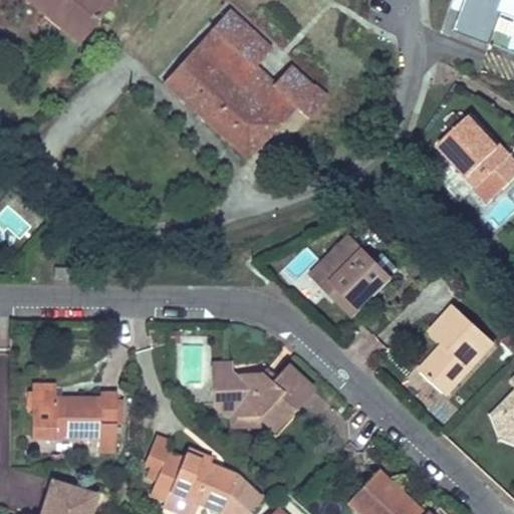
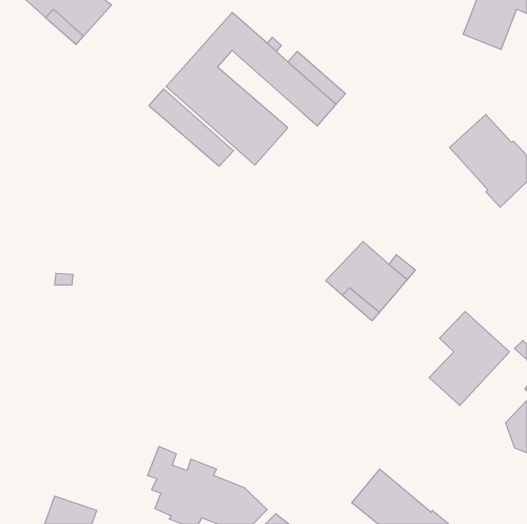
building: [212,49,294,124] -> [149,89,234,166]
building: [213,361,314,430] -> none
building: [31,387,116,451] -> none

